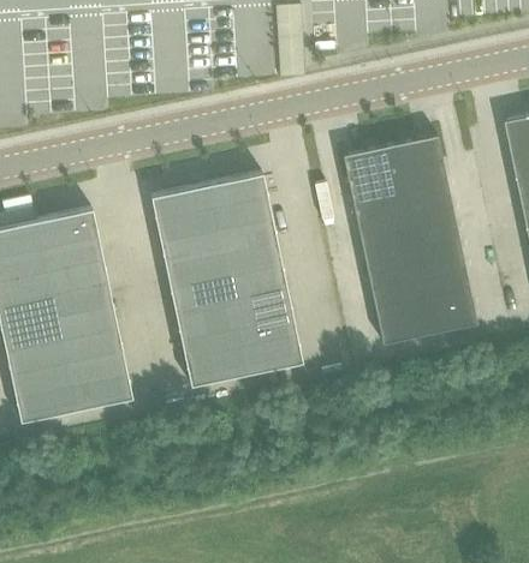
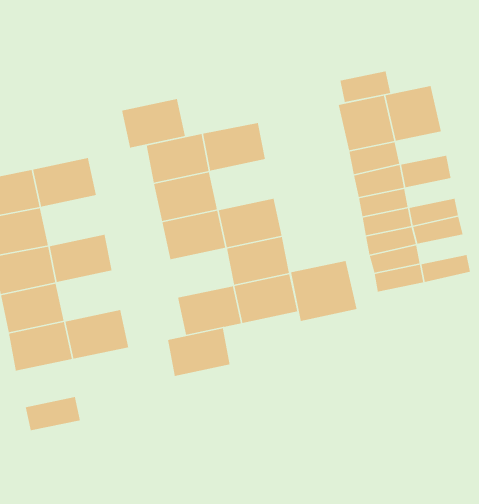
building: [400,184,452,216] -> [339,71,391,103]
building: [214,211,279,262] -> [121,98,186,149]
building: [410,230,460,259] -> none
building: [44,247,109,298] -> none
building: [422,287,472,316] -> none
building: [174,300,238,349] -> [167,328,231,377]
building: none -> [290,260,358,322]
building: [60,323,125,373] -> none
building: none -> [25,396,81,431]

